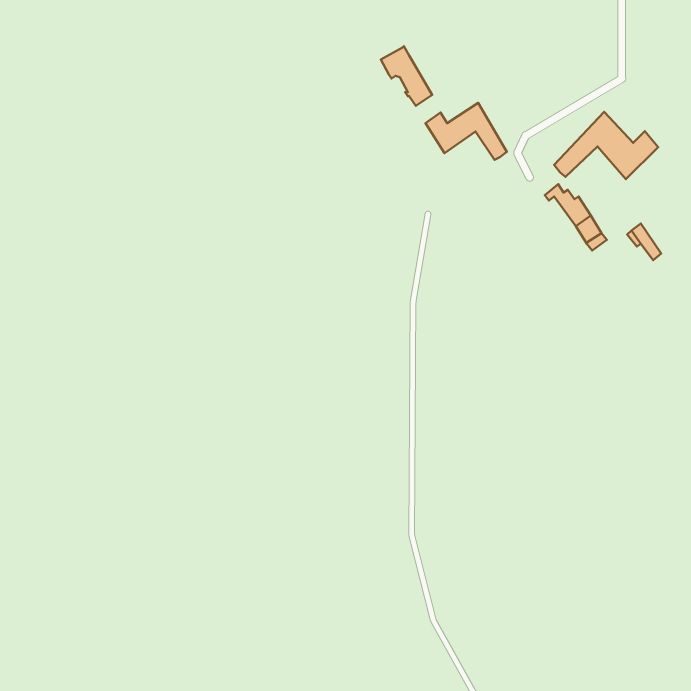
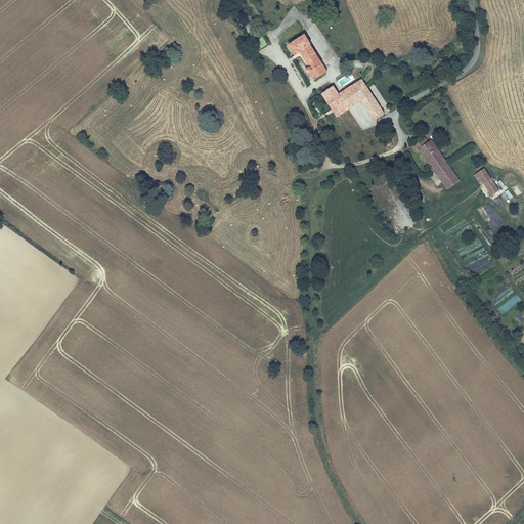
building: [554,112,658,179] -> none

